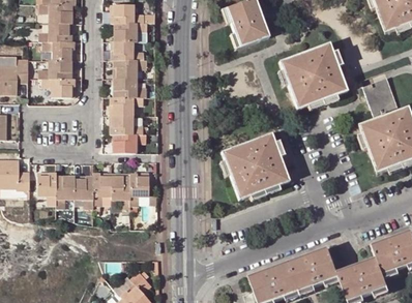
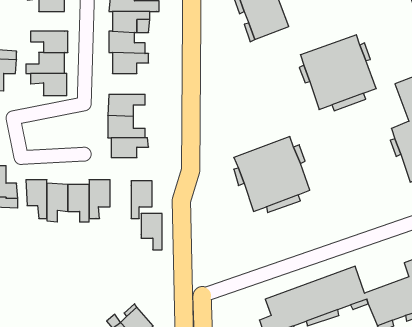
building: [37,22,70,39] -> none
building: [113,77,145,95] -> none
building: [111,176,129,208] -> [141,214,162,250]

